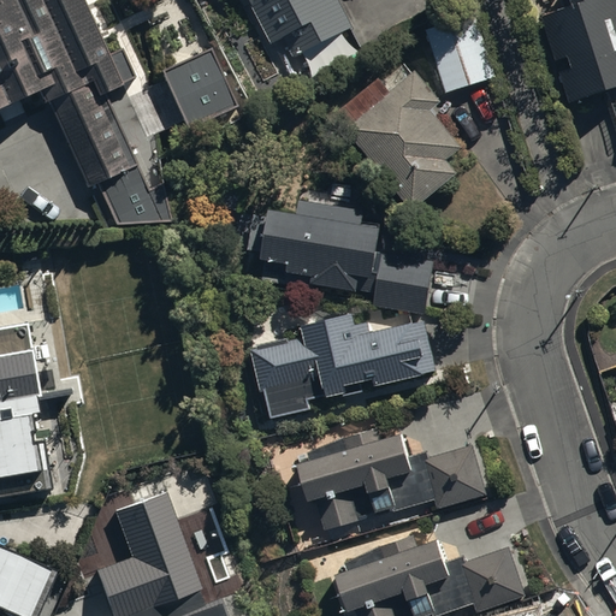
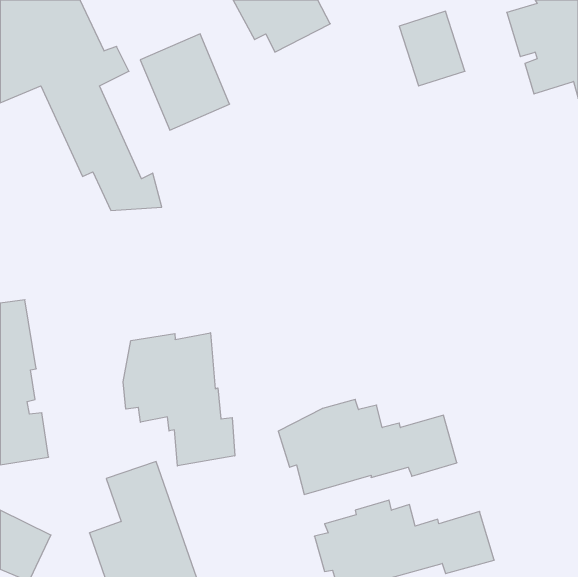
building: [333,71,463,209] -> none
building: [247,199,431,310] -> none
building: [250,314,436,419] -> none
building: none -> [123,333,235,466]

